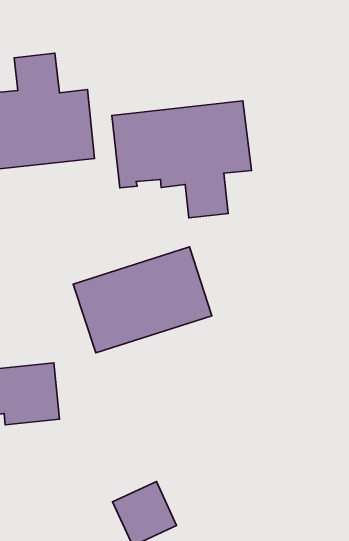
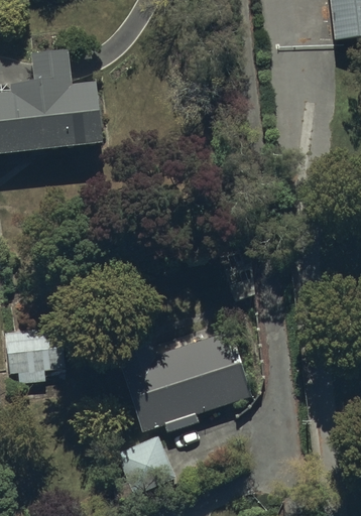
building: [112,101,251,218] -> none
building: [73,247,212,353] -> [125,332,249,426]

